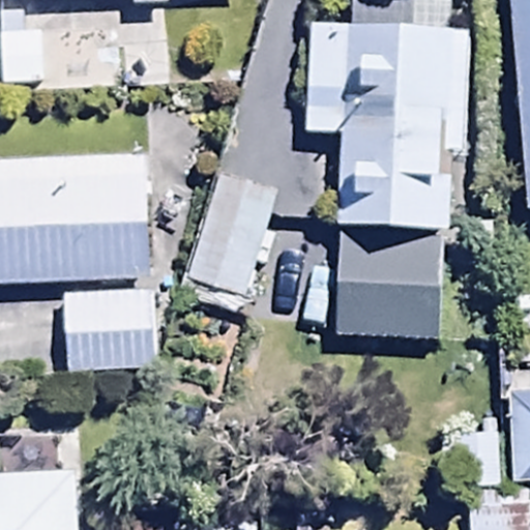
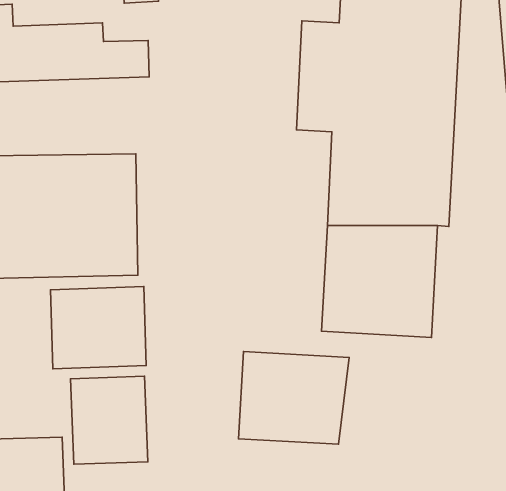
building: none -> [239,352,349,444]
building: none -> [70,376,148,464]

